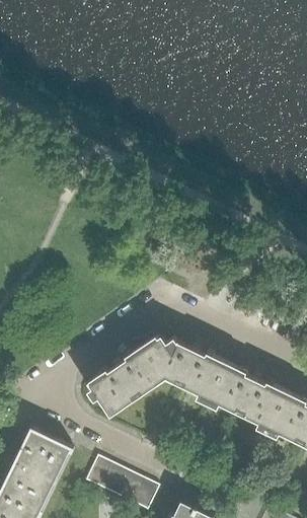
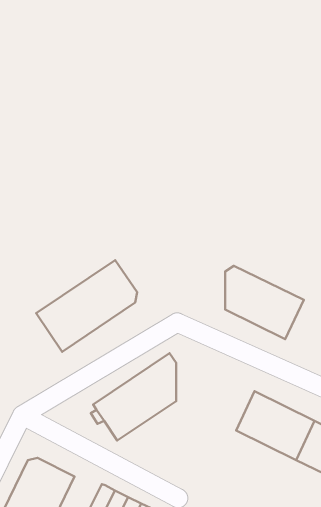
building: none -> [36,260,137,352]
building: [166,340,239,408] -> [225,266,304,339]

